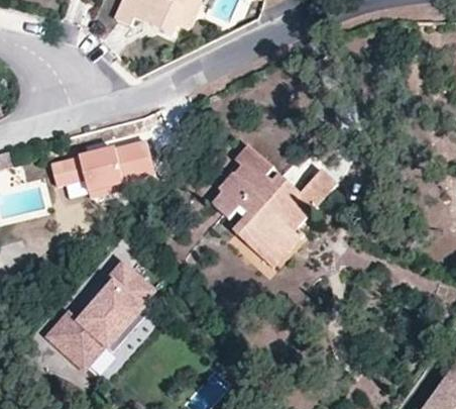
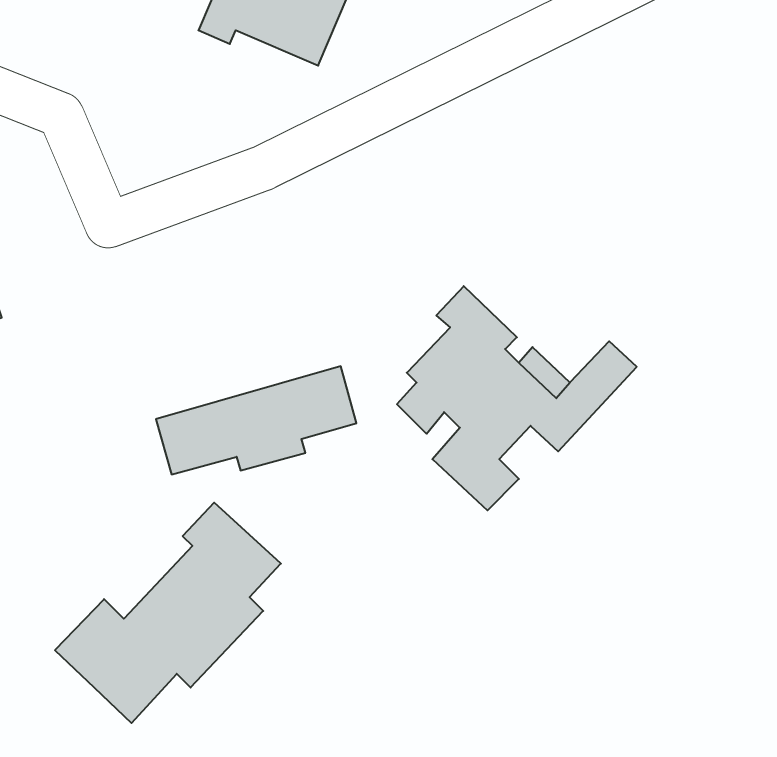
building: [50,133,153,189] -> [156,366,356,474]
building: [261,219,304,273] -> none

